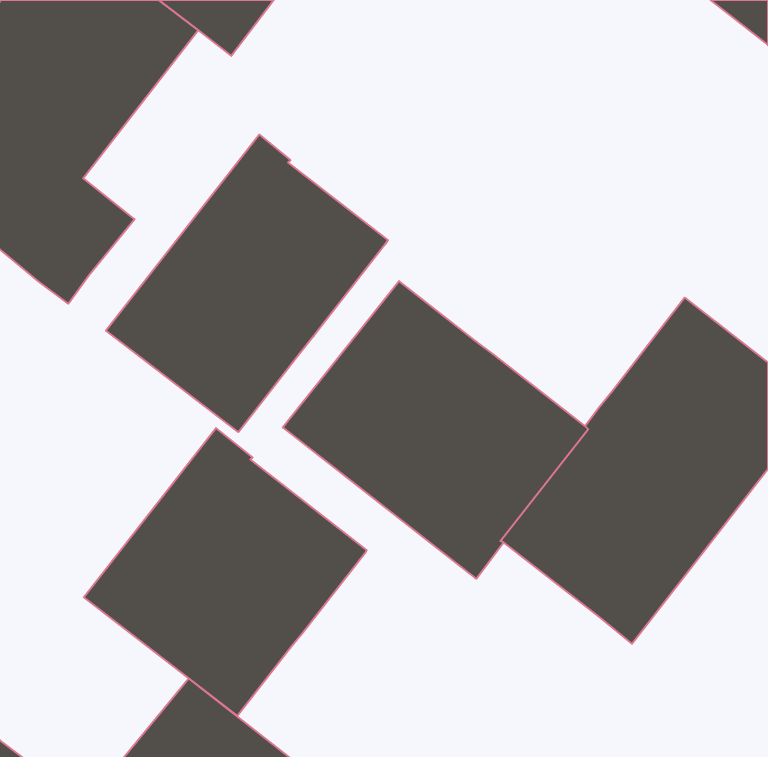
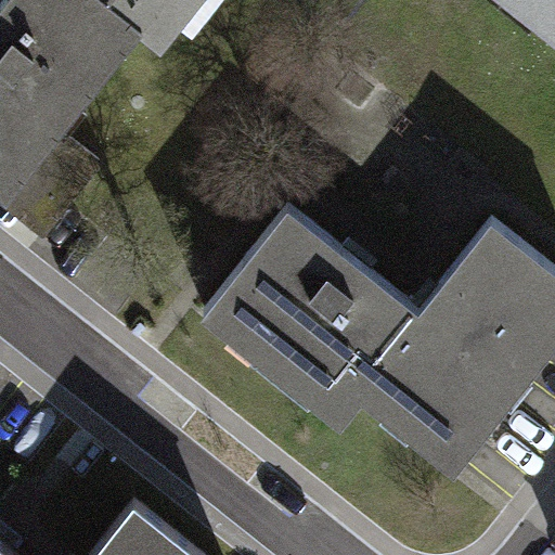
building: [106,135,388,432] -> none
building: [84,428,367,716] -> none

